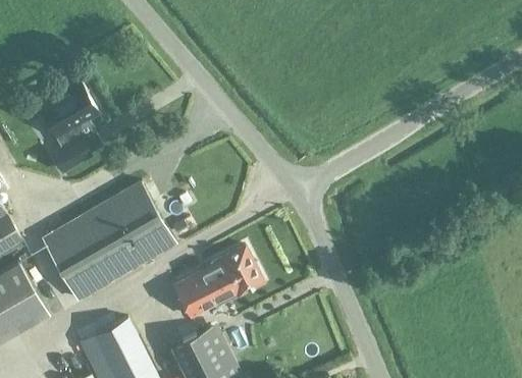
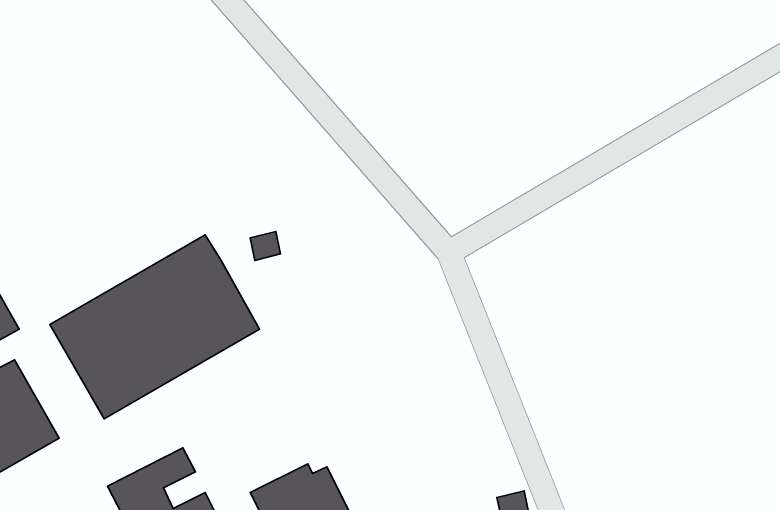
building: [39,83,102,172] -> none
building: [174,247,264,318] -> none

